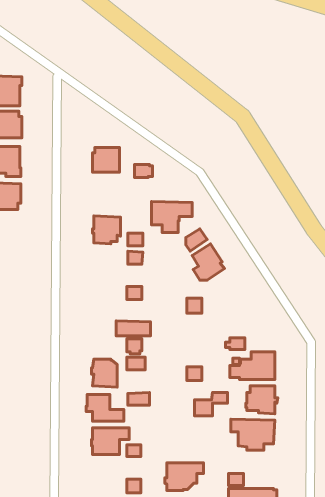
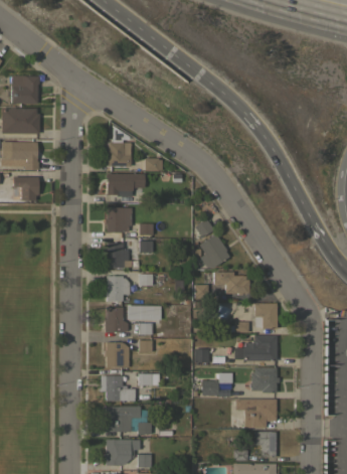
building: [151,201,192,232] -> [107,173,145,202]
building: none -> [103,243,131,269]
building: none -> [206,272,249,295]
building: none -> [105,276,130,302]
building: none -> [254,303,277,329]
building: none -> [105,307,128,332]
building: none -> [253,432,276,457]
building: [165,463,203,491] -> [104,440,140,466]

